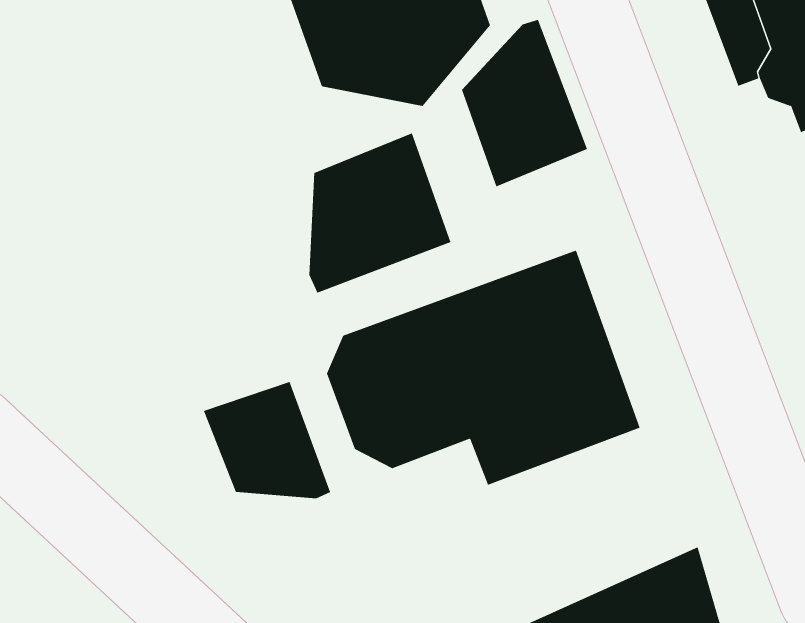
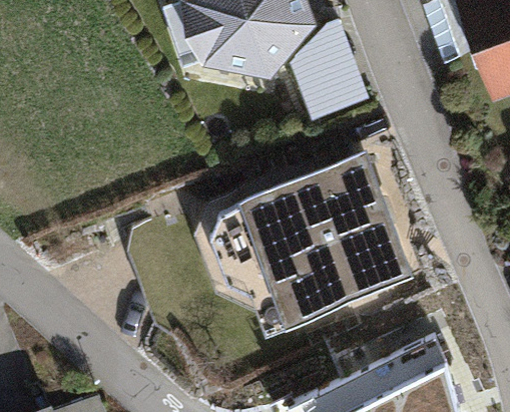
building: [309,132,451,294] -> none
building: [203,381,331,499] -> none

